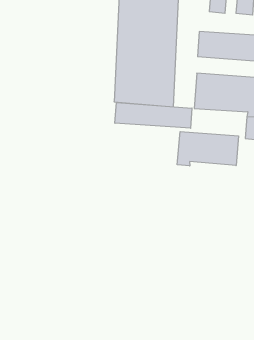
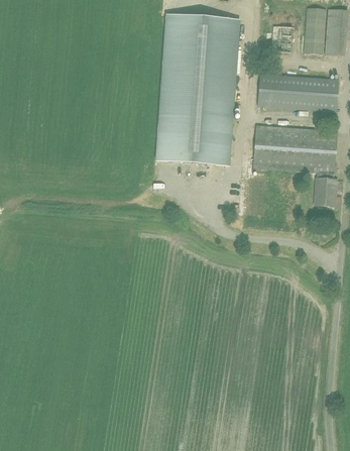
building: [115,102,192,128] -> none
building: [177,132,238,166] -> none

